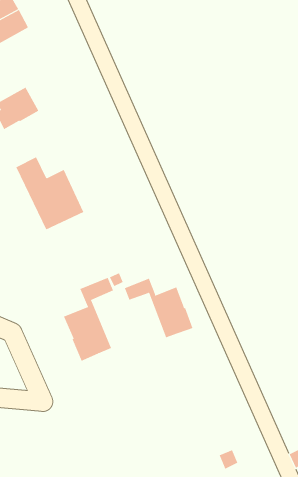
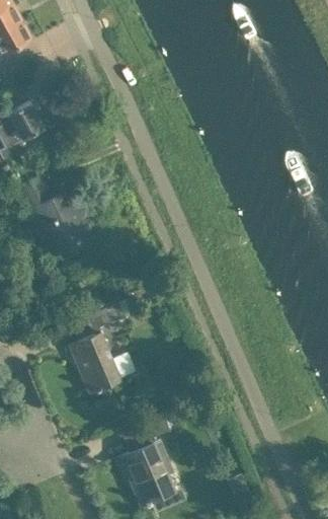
building: [124,278,193,338] -> none
building: none -> [116,416,174,505]

